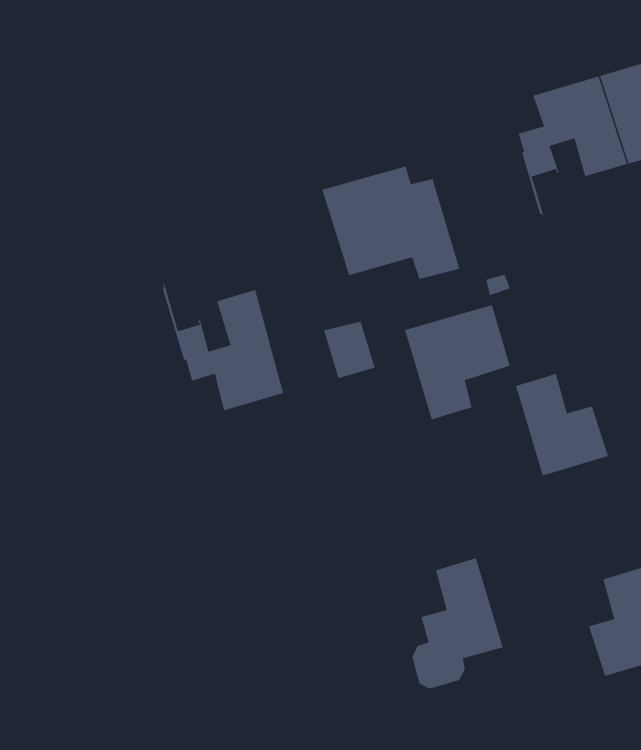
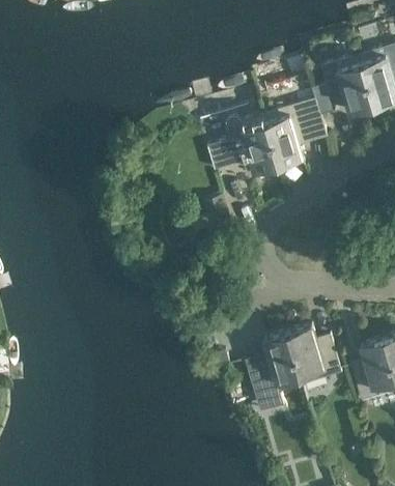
building: [162,282,284,411] -> none
building: [404,305,510,420] -> [264,98,326,165]
building: [515,373,609,476] -> [289,323,343,382]

